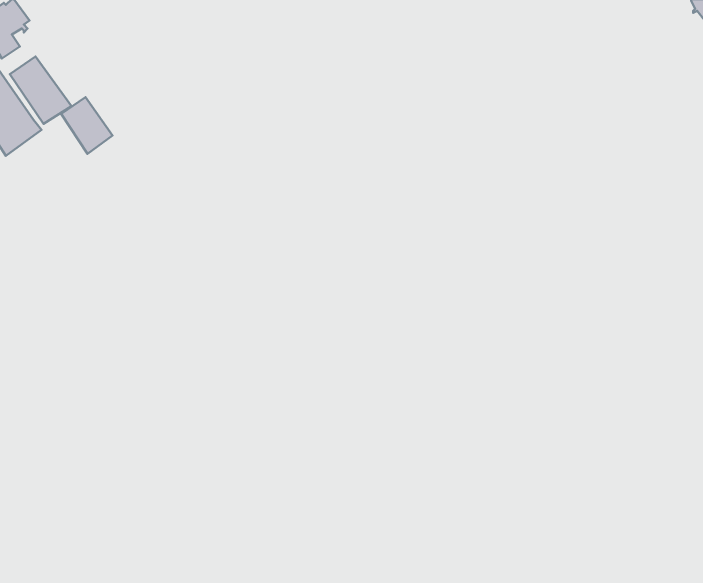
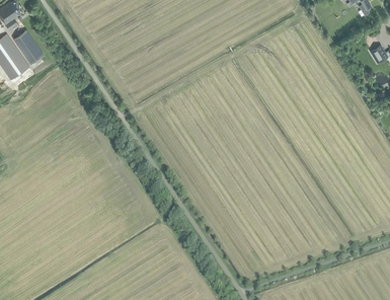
building: [61,97,112,154] -> none

